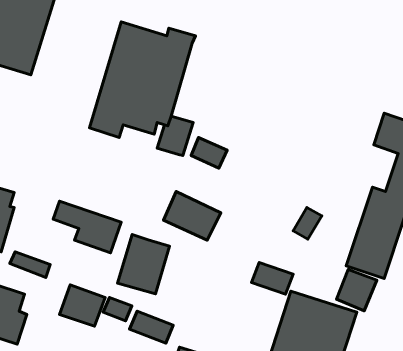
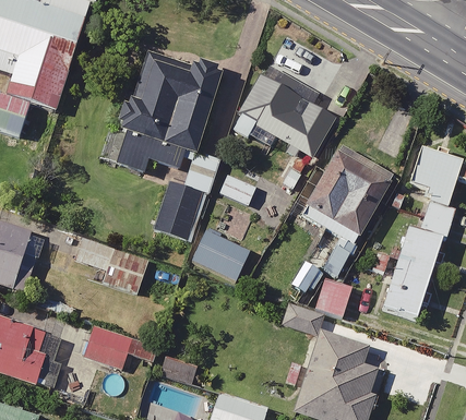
building: none -> [231,74,335,157]
building: none -> [304,149,395,245]
building: [117,235,169,294] -> [153,179,206,240]
building: [337,270,377,311] -> [314,275,356,317]

